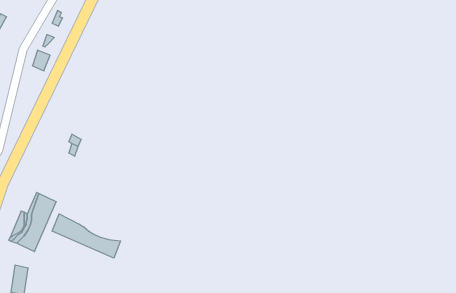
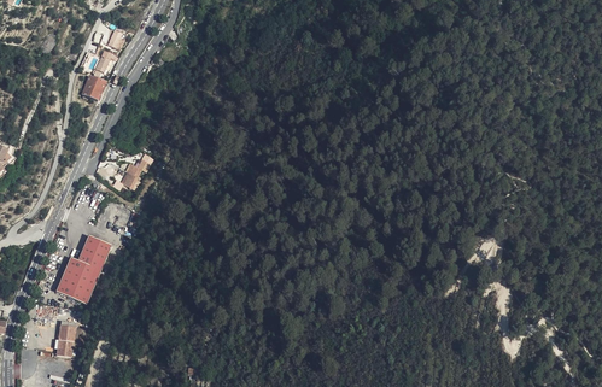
building: [52,214,121,258] -> none

